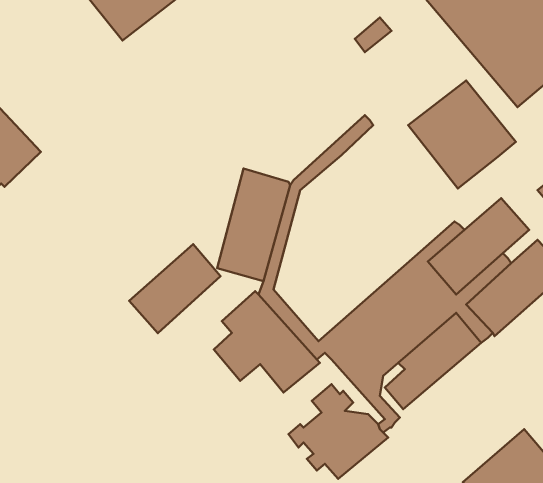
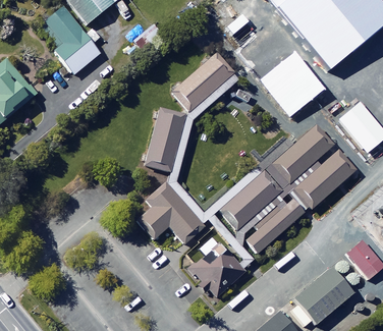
building: none -> [39,8,100,76]
building: none -> [172,51,236,112]
building: [129,244,221,333] -> none

